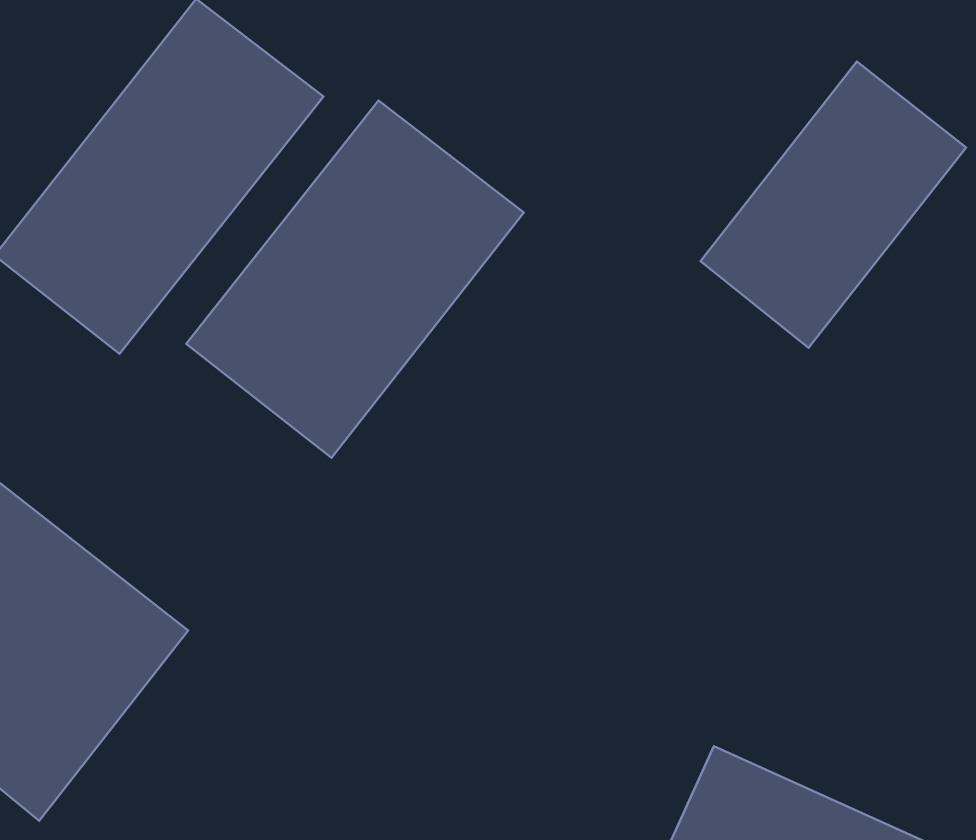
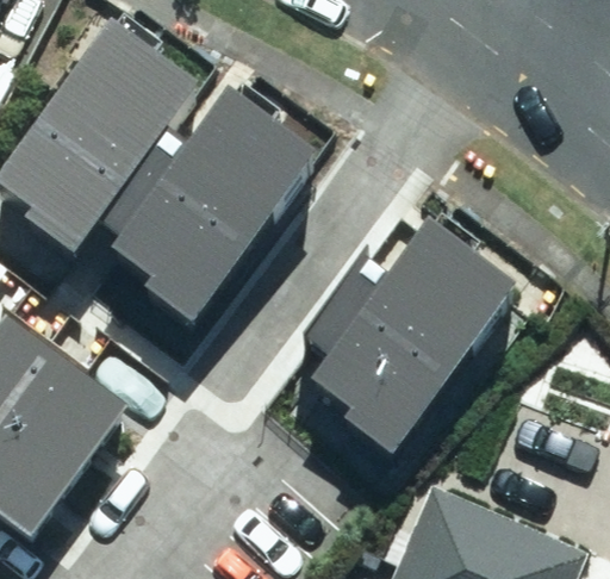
building: [701,61,966,348] -> none
building: none -> [301,232,503,448]

